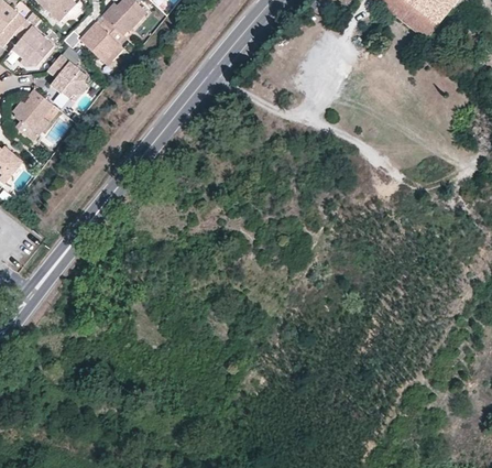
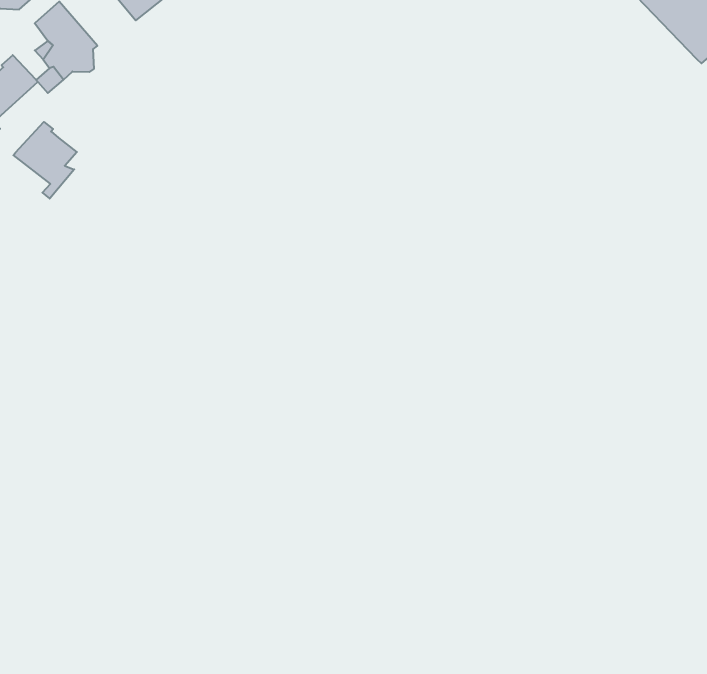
building: none -> [13,122,77,199]

